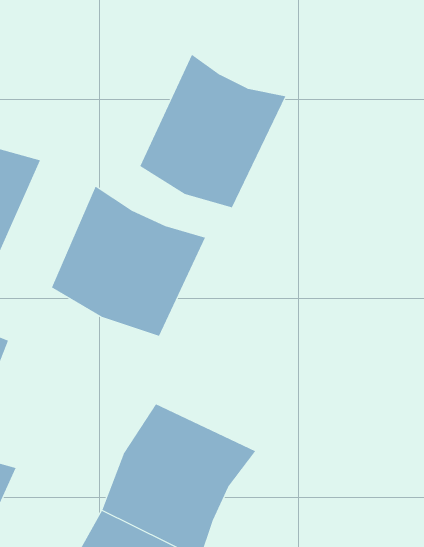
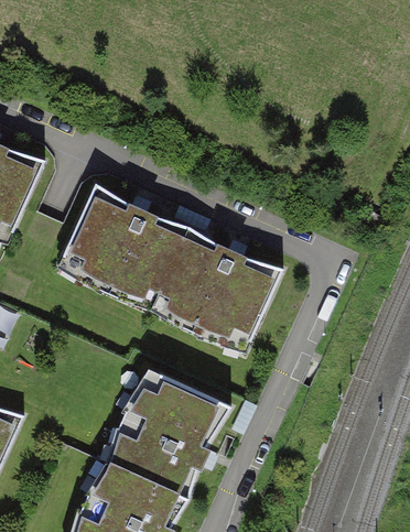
building: [139,54,286,208] -> none
building: none -> [151,224,288,349]

